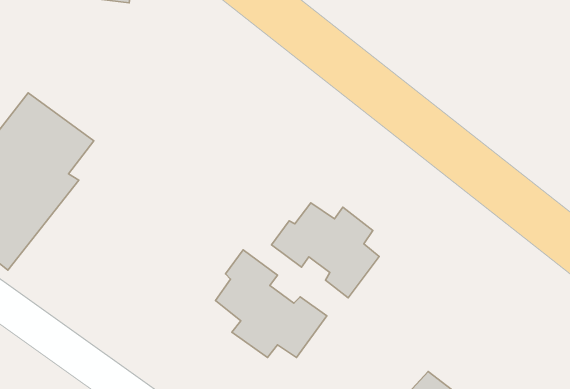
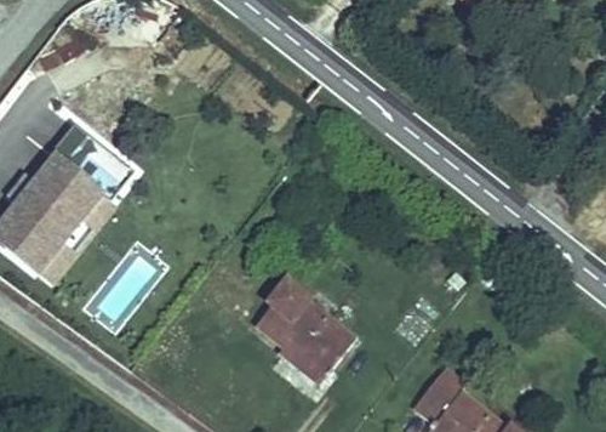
building: [271,203,379,298] -> none

